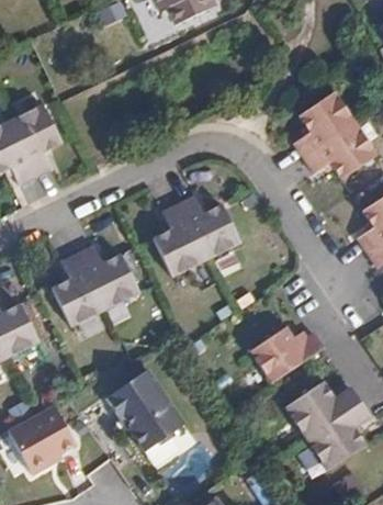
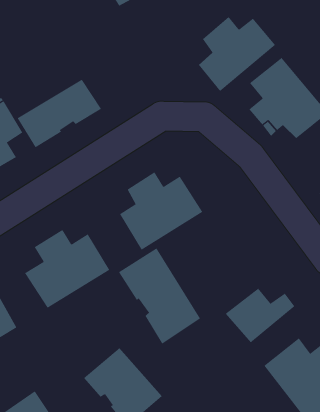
building: none -> [198,16,276,92]
building: none -> [17,79,102,148]
building: none -> [118,247,201,344]

